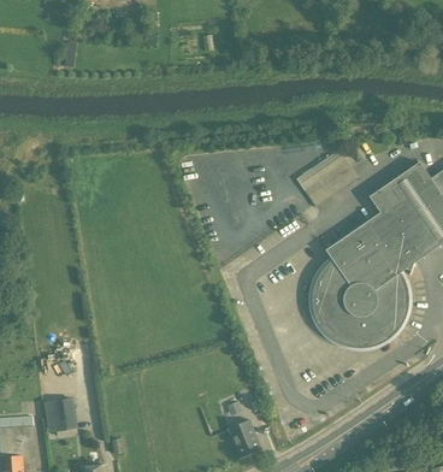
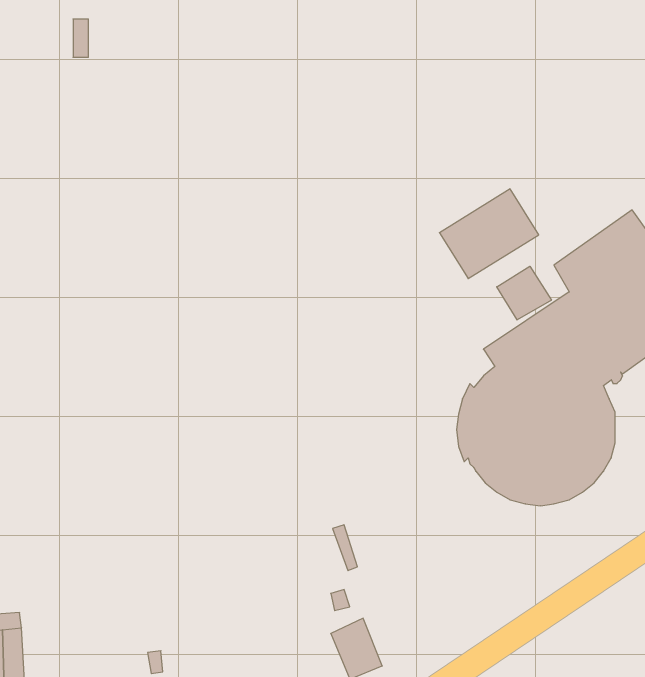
building: none -> [497,266,551,320]
building: [51,396,77,430] -> none

